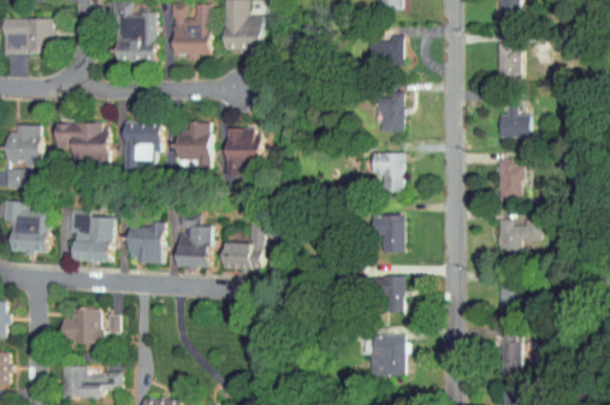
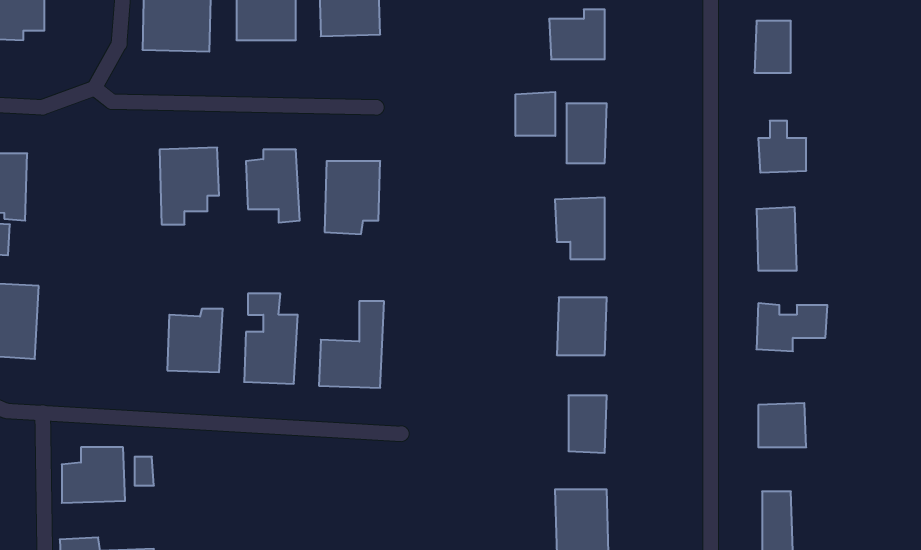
building: none -> [516,92,555,136]
building: [54,123,105,161] -> none
building: [67,210,112,262] -> none

